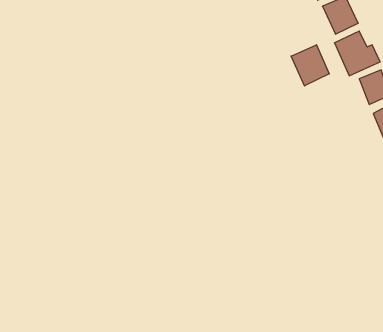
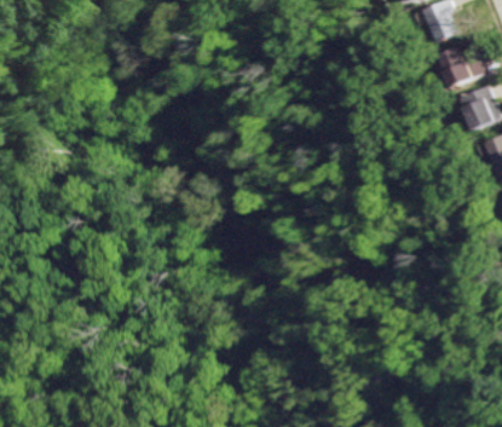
building: [291,45,329,86] -> none

